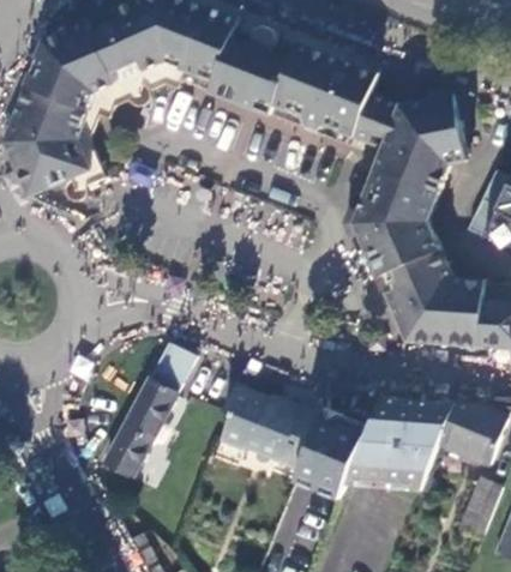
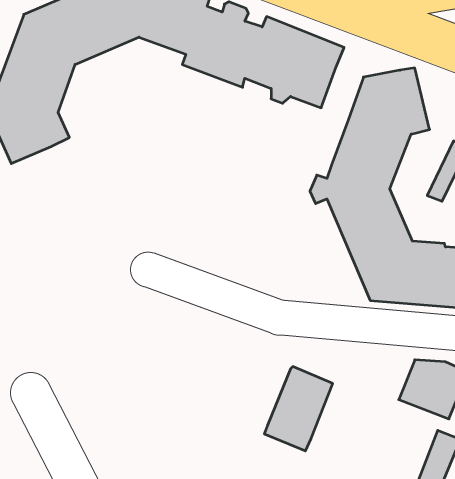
building: [356,94,401,149] -> none
building: [106,341,198,476] -> none
building: [220,384,324,470] -> none
building: [345,397,455,490] -> none

